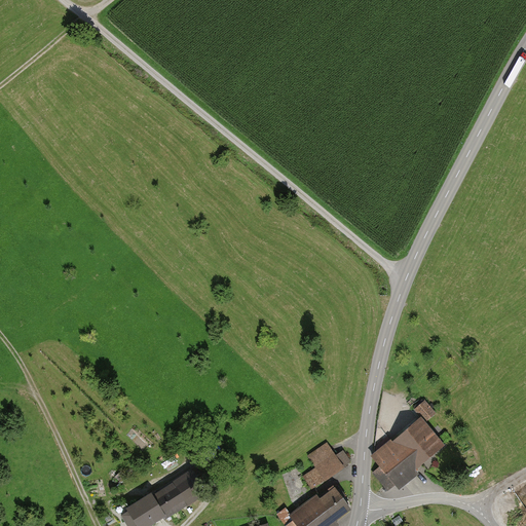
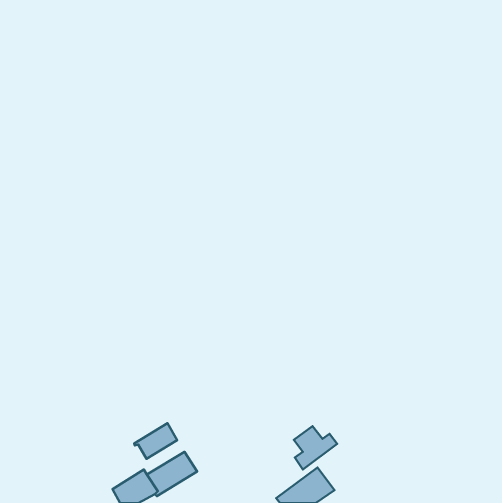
building: [370,418,444,490] -> none
building: none -> [134,423,177,459]

